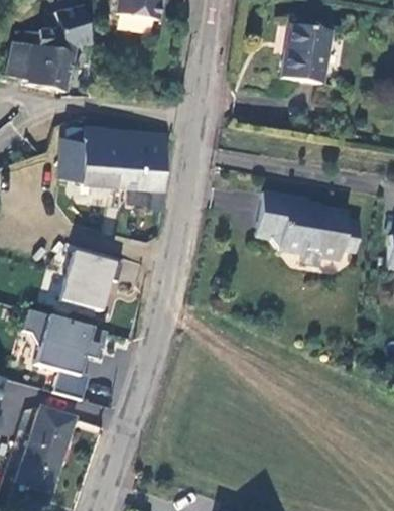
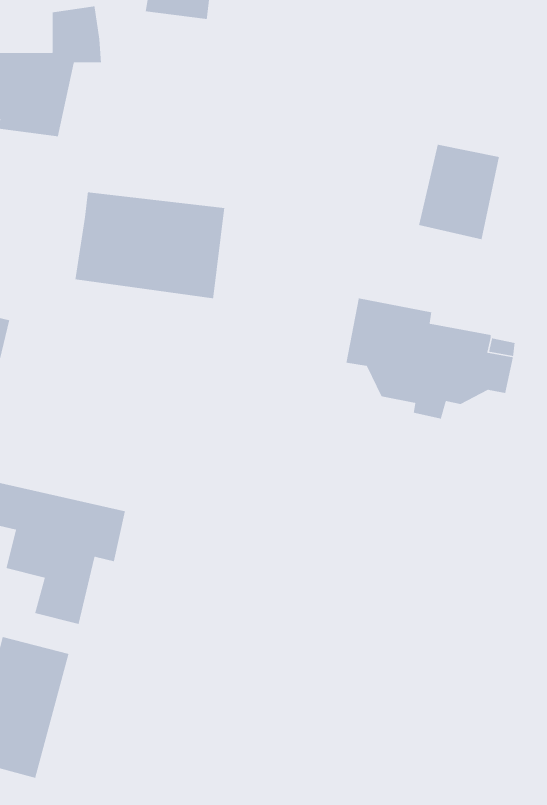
building: [275,23,326,84] -> [418,144,500,240]
building: [55,137,85,179] -> none
building: [63,248,119,308] -> none

